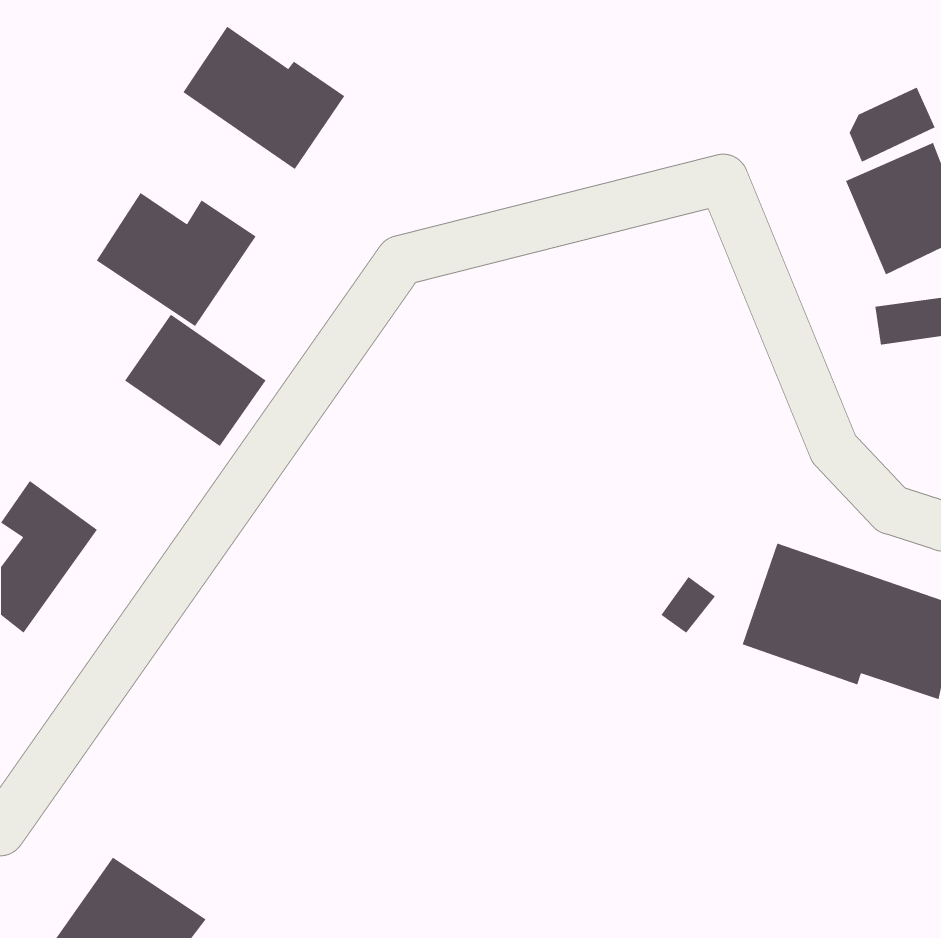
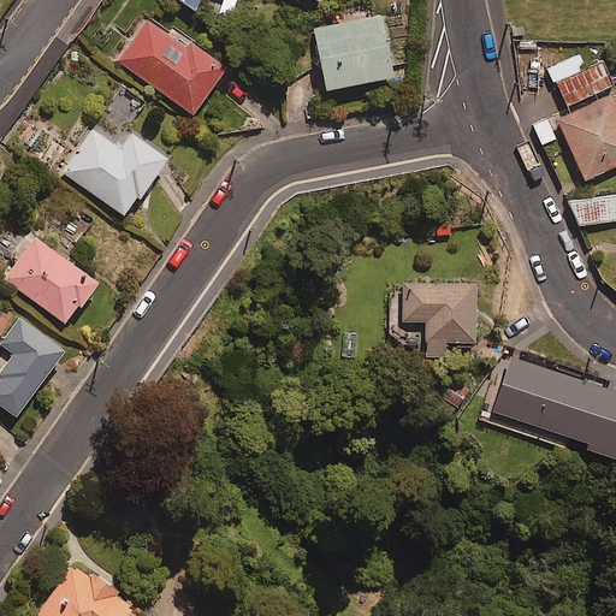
building: none -> [315,17,395,89]
building: [124,314,266,447] -> [6,237,99,324]
building: none -> [398,284,474,357]

